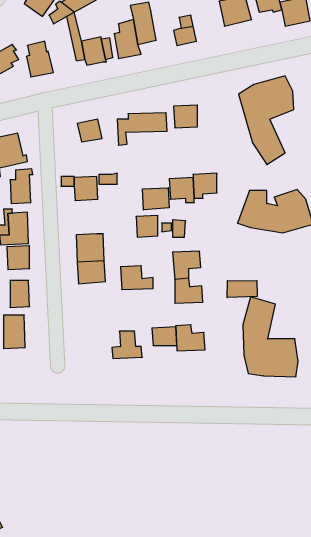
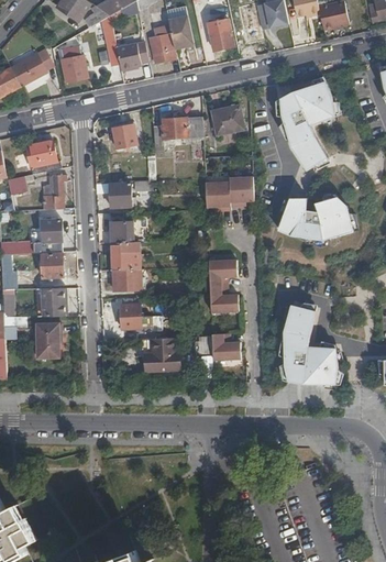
building: [143,188,169,210] -> none
building: [136,215,158,237] -> [110,220,132,242]
building: [121,266,153,290] -> [120,304,153,328]
building: [227,281,257,298] -> none

